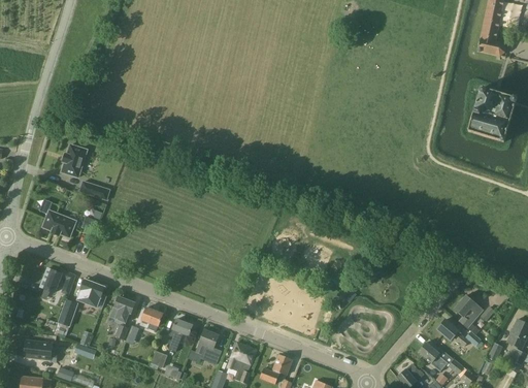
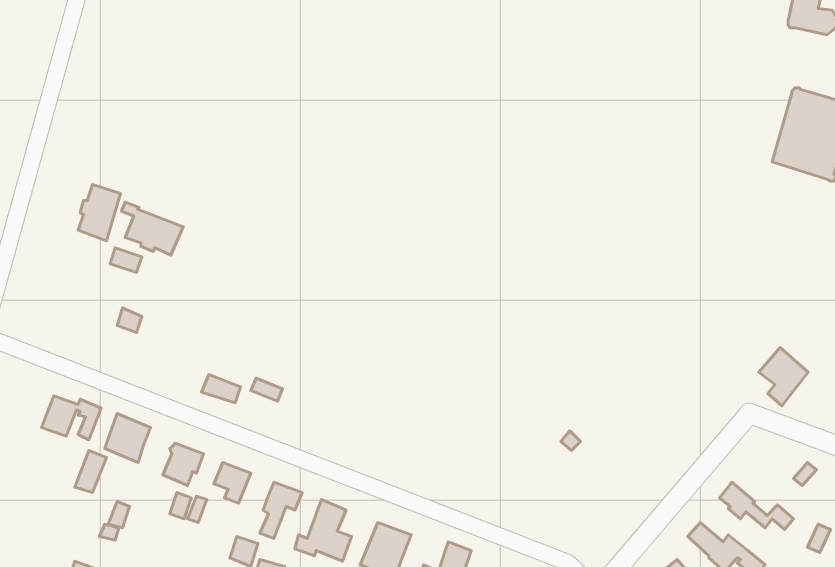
building: [40,206,76,237] -> [122,202,183,255]
building: [454,294,483,328] -> [759,348,808,406]
building: [24,341,57,361] -> none

